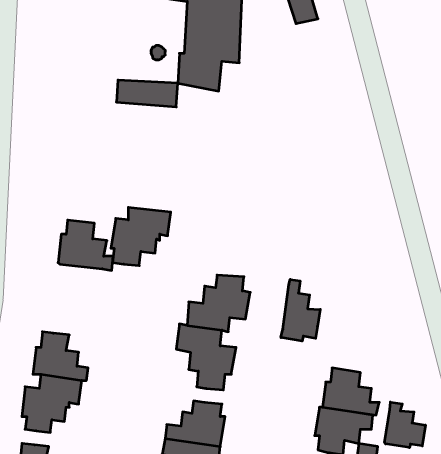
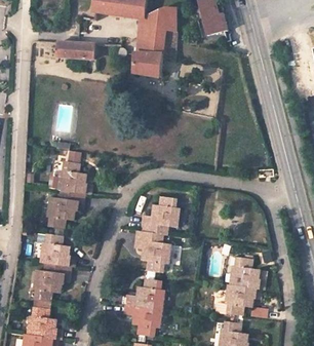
building: [116,80,178,107] -> [55,42,95,60]
building: [111,207,171,266] -> [45,190,84,228]
building: [281,279,320,341] -> none
building: [385,402,425,448] -> none

